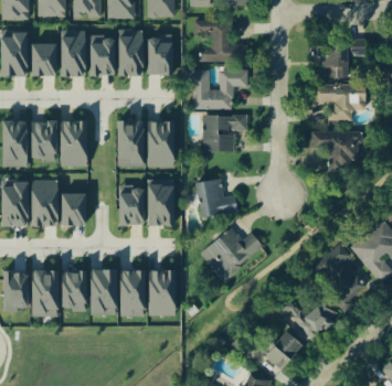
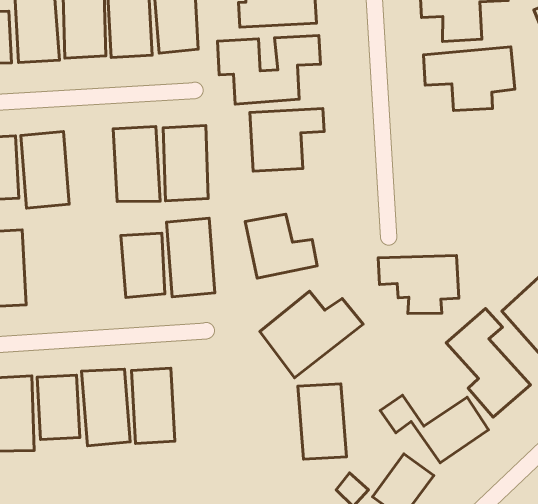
building: [311,131,360,168] -> [378,255,459,313]
building: [61,193,86,225] -> none
building: [148,270,176,315] -> [298,384,346,459]

